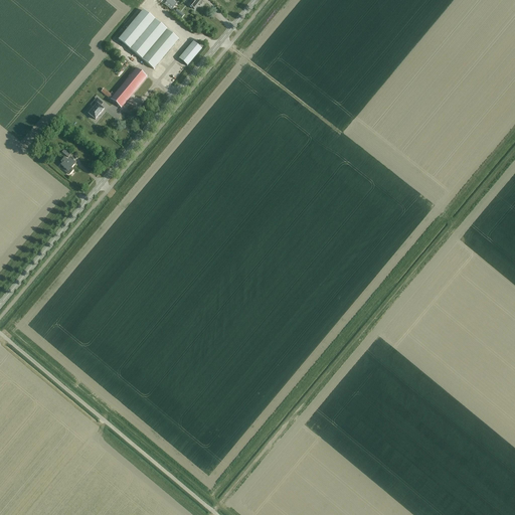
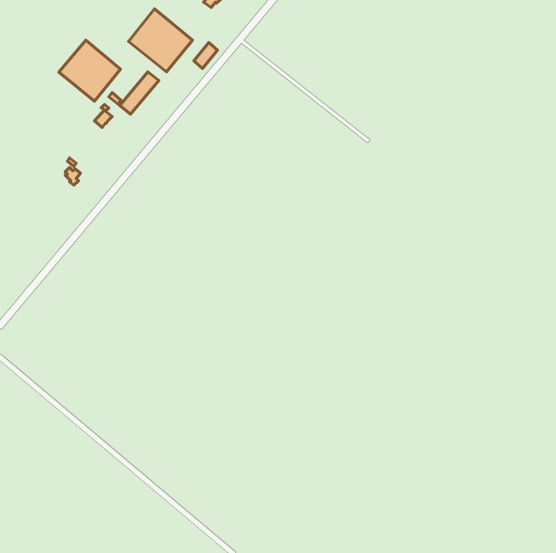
building: none -> [59,40,120,101]

